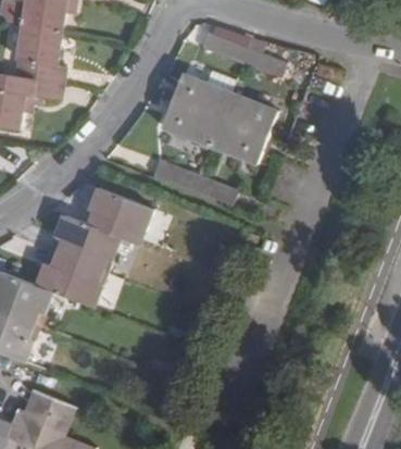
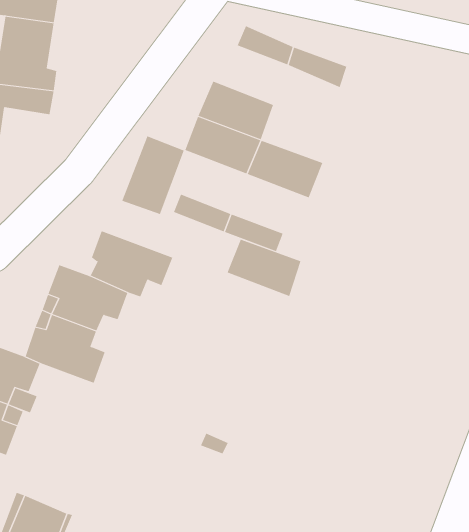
building: [220,91,277,136] -> none
building: none -> [122,135,185,215]
building: none -> [227,239,301,297]

